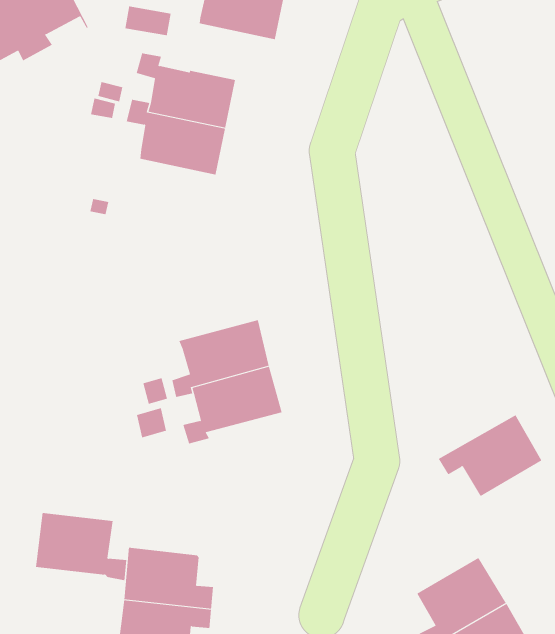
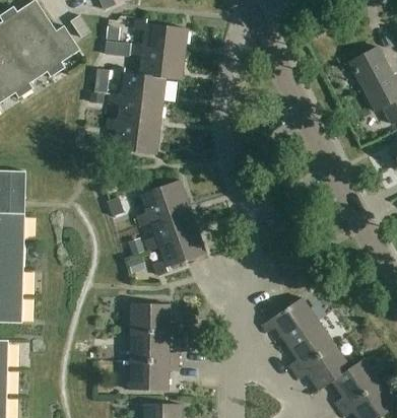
building: none -> [131,44,184,79]
building: none -> [105,118,158,154]
building: none -> [135,180,188,226]
building: [438,415,542,497] -> [261,297,317,343]
building: [35,513,127,581] -> [129,302,178,335]

